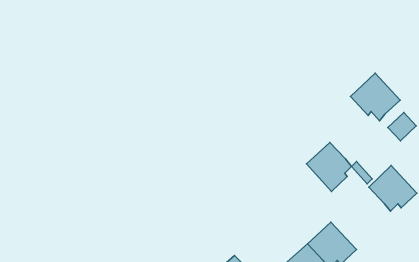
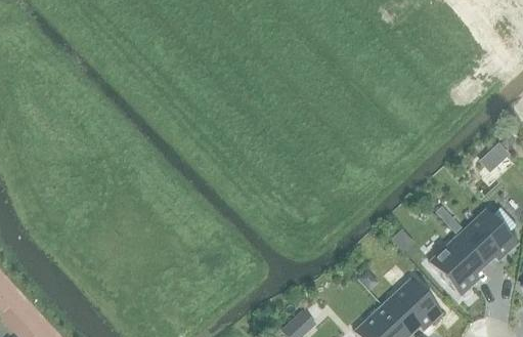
building: [350,73,400,121] -> none
building: [307,142,351,191] -> [430,234,485,294]

